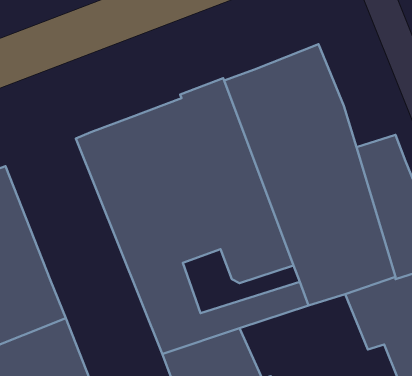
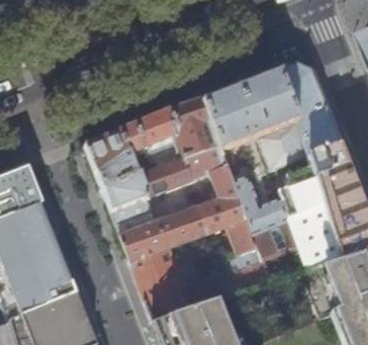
building: none -> [277,61,339,151]

